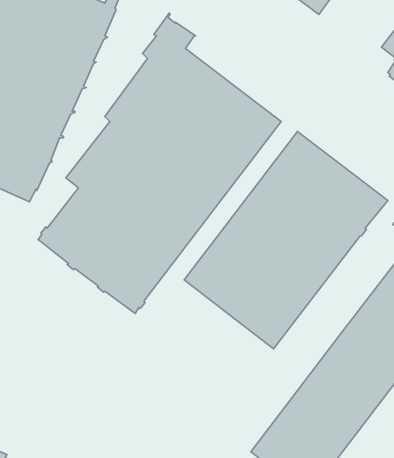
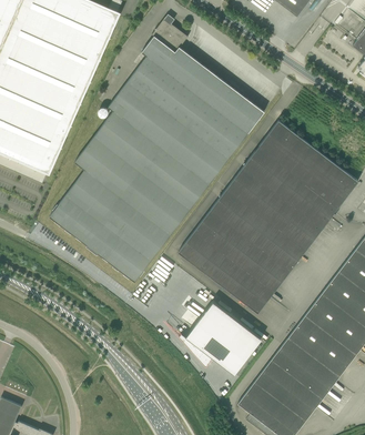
building: none -> [178,302,261,375]

